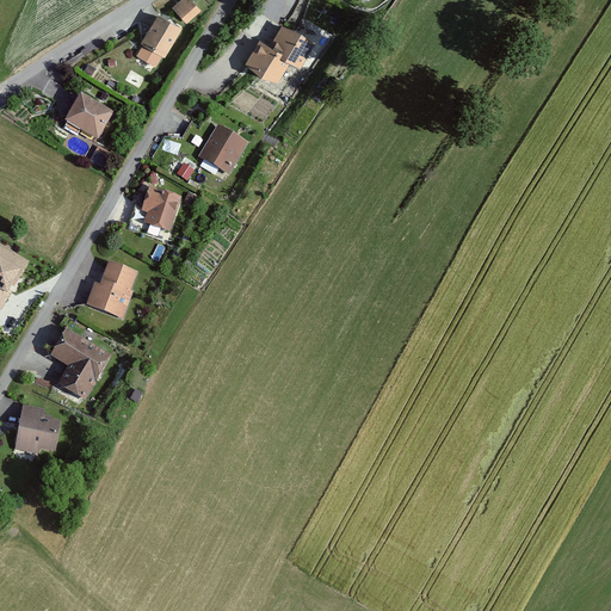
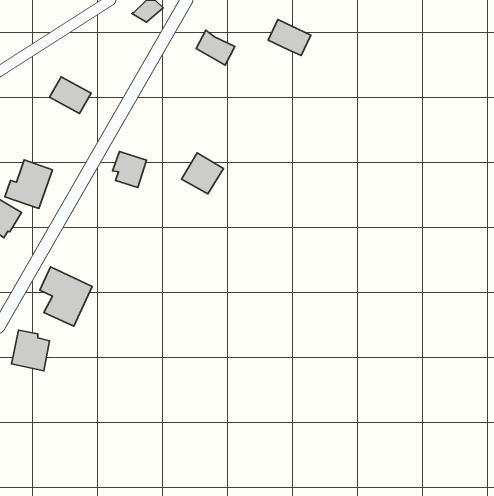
building: [140,13,180,55] -> none
building: [264,20,316,64] -> [268,20,311,56]
building: [197,124,248,174] -> [182,153,223,194]
building: [84,259,142,319] -> [5,160,52,209]

